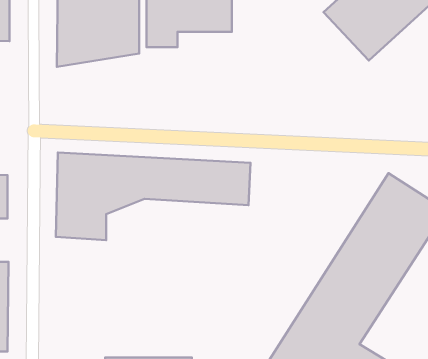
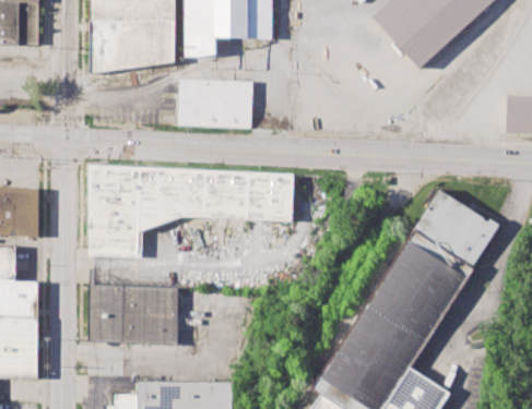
building: none -> [176,79,253,129]
building: none -> [87,286,178,345]

